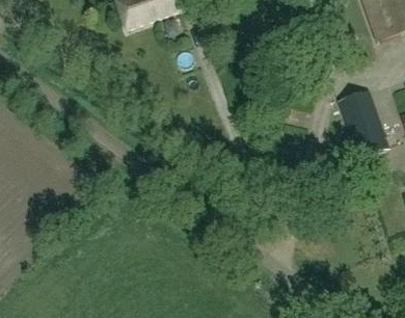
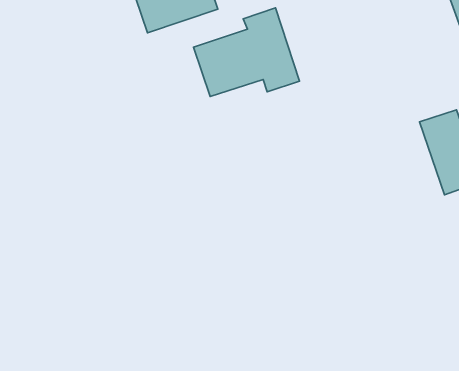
building: none -> [194,8,300,97]

